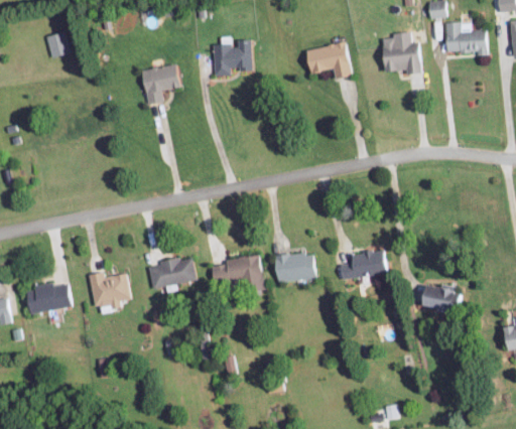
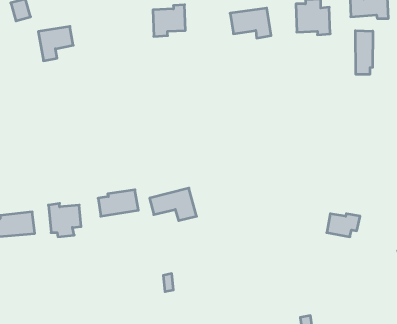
building: [141,63,182,104] -> [38,26,73,61]
building: none -> [355,31,373,74]
building: [339,250,387,277] -> none
building: [273,252,316,282] -> none

